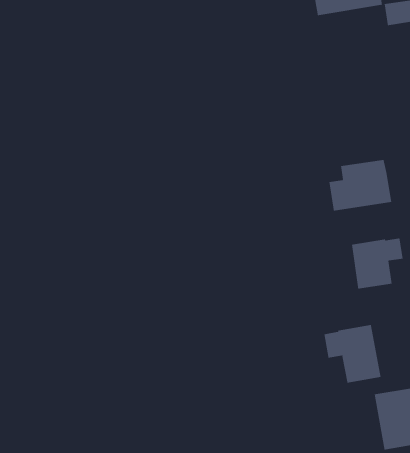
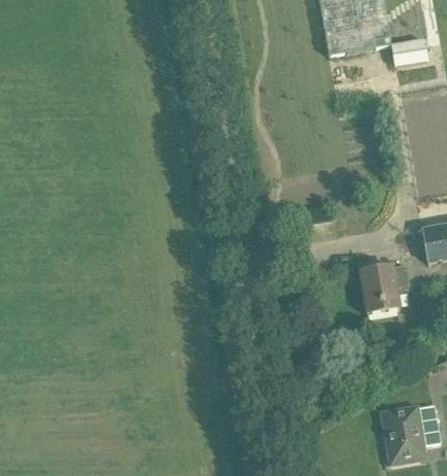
building: [329,159,392,212] -> none
building: [324,324,381,383] -> none

